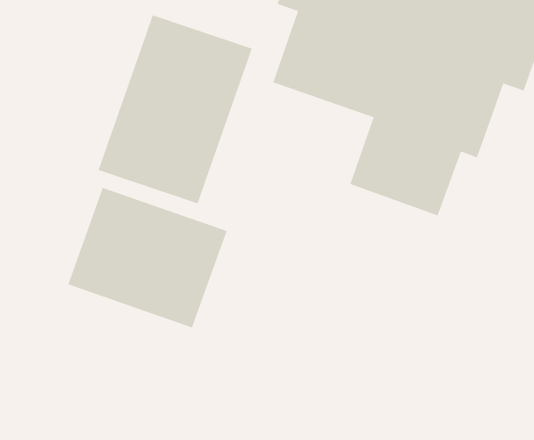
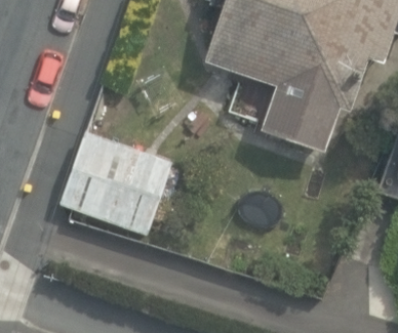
building: [98,15,252,204] -> none

